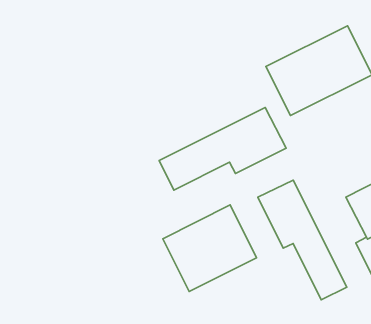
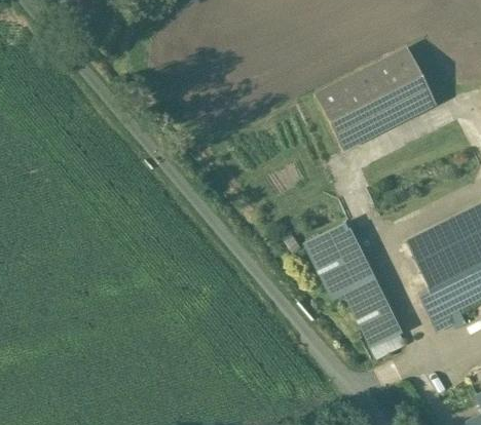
building: [159,107,286,190] -> none
building: [163,205,256,292] -> none

